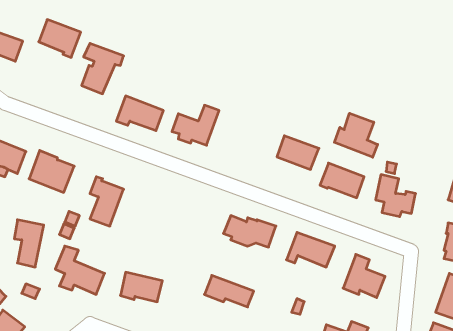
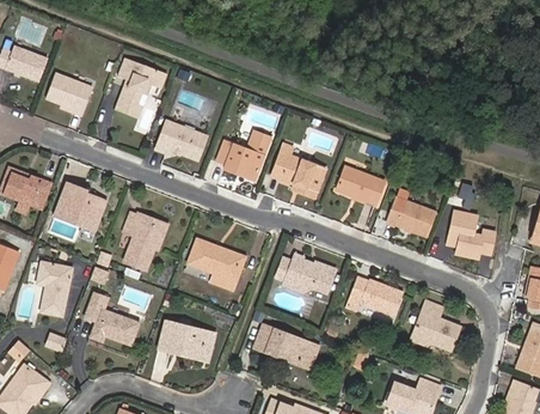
building: [39,20,81,57] -> [45,73,93,116]
building: [334,113,378,157] -> none
building: none -> [271,150,326,197]
building: none -> [189,239,240,290]

